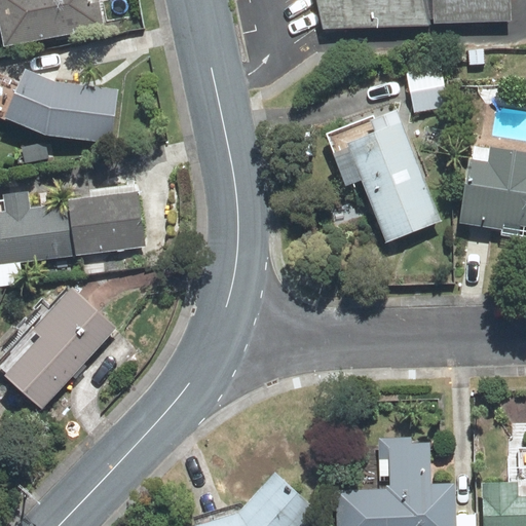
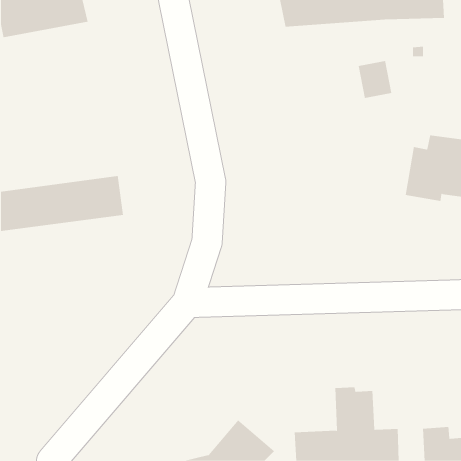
building: [10,78,113,140] -> none
building: [348,128,435,239] -> none
building: [10,297,110,406] -> none

